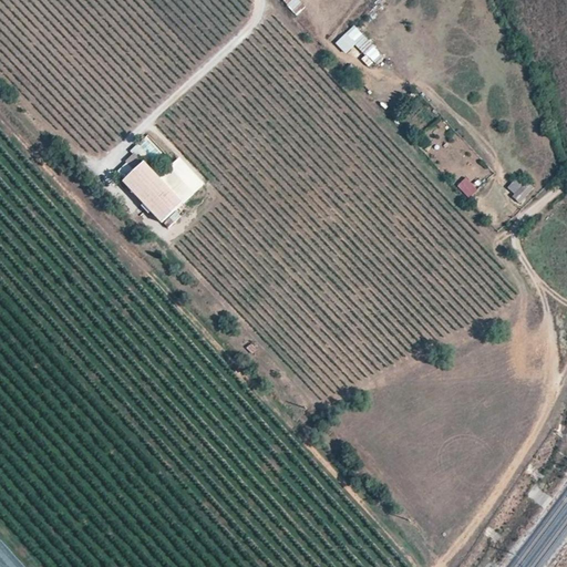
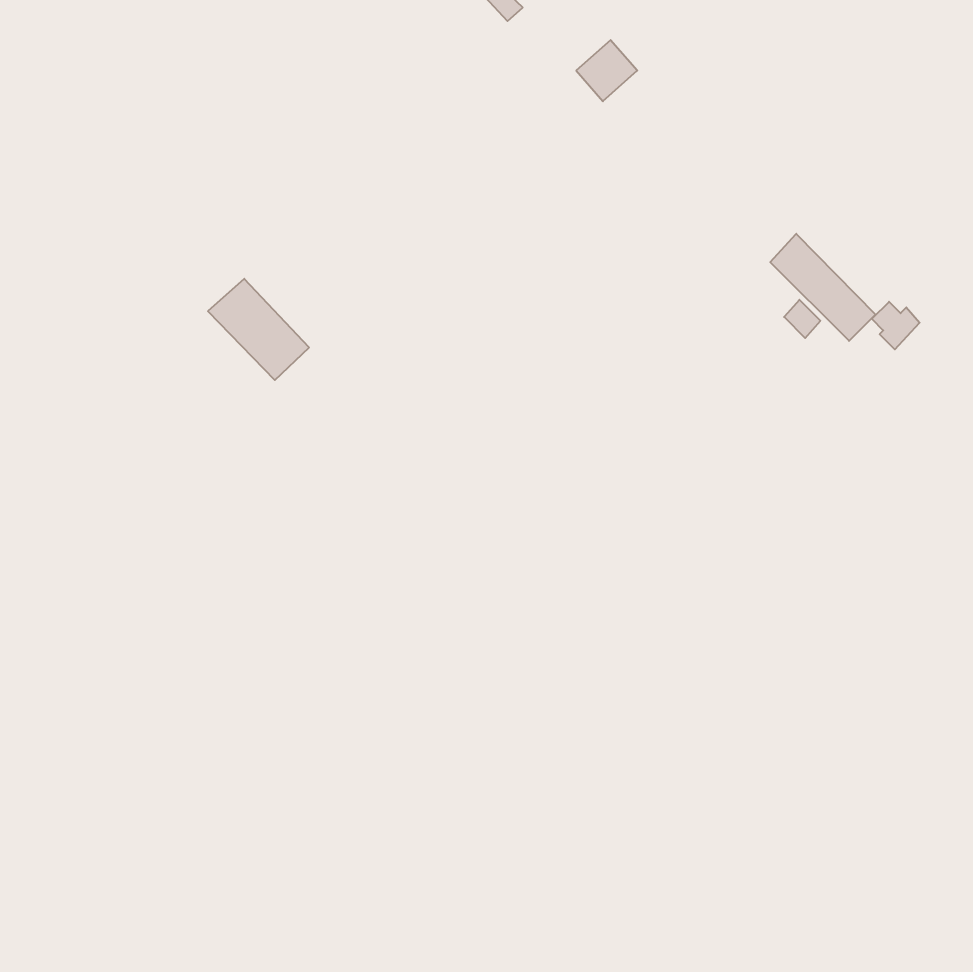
building: none -> [770,234,875,341]

